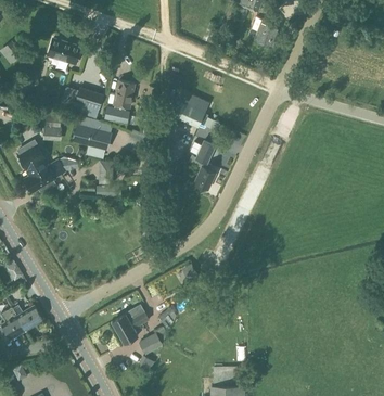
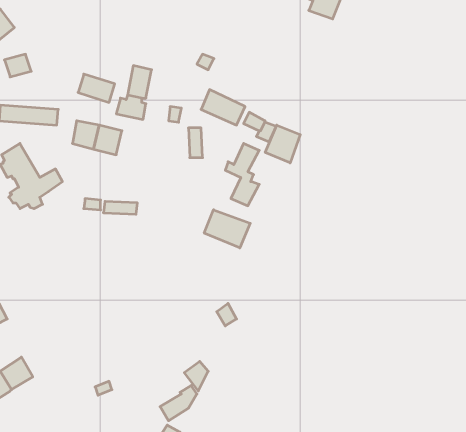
building: [49,38,80,62] -> none
building: none -> [265,125,300,163]
building: none -> [204,210,250,248]
building: [112,310,149,343] -> none

